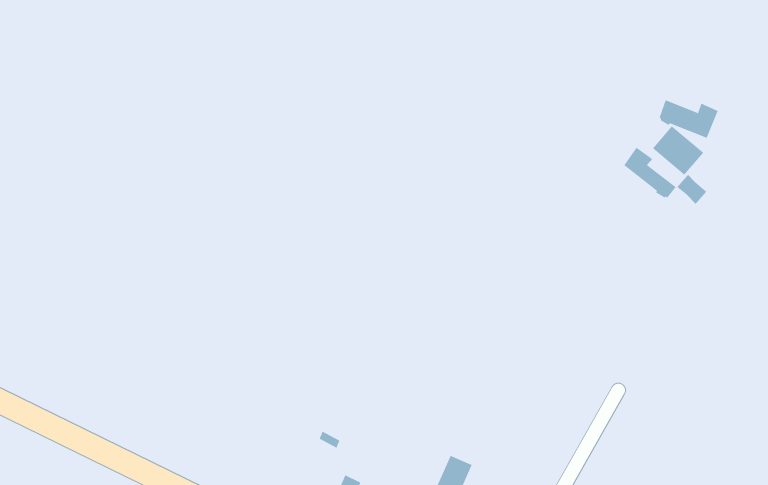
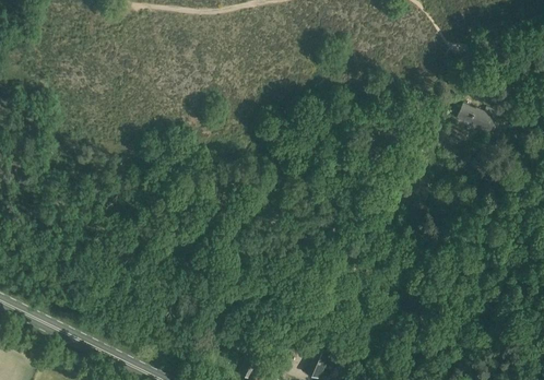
building: [624,147,677,198] -> none

